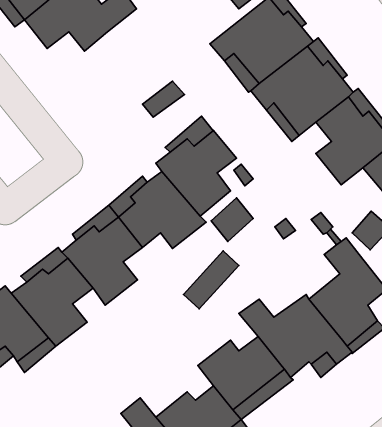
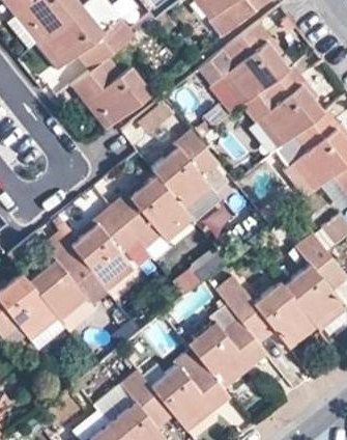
building: none -> [70,56,151,130]

